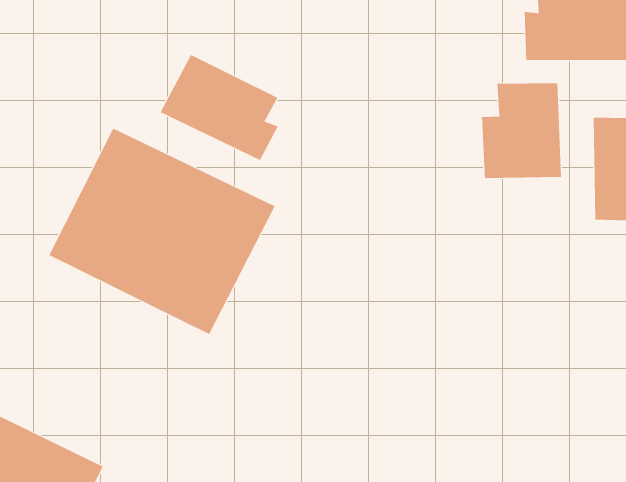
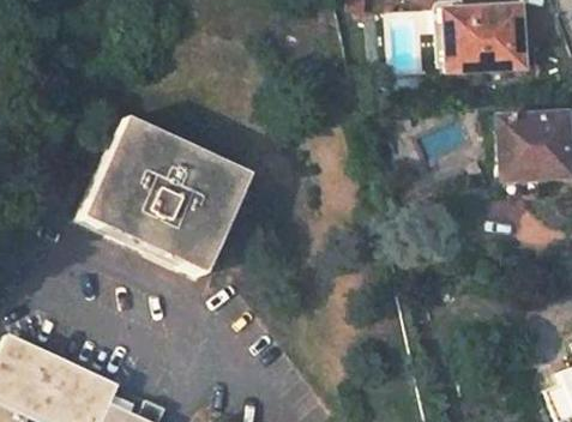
building: [160,54,278,161] -> none
building: [482,83,562,179] -> none

